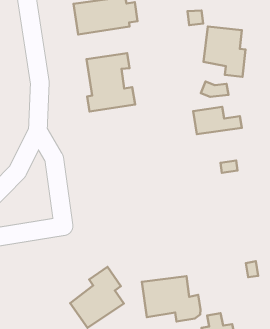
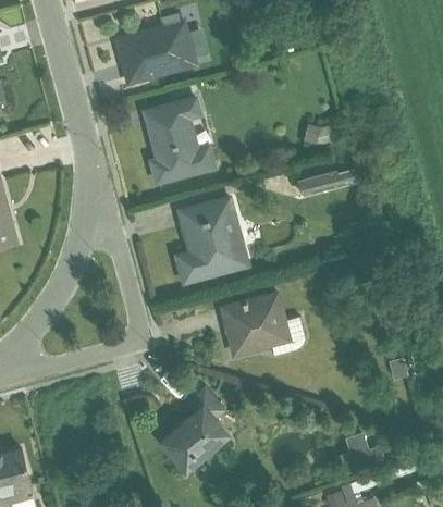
building: [203,26,246,77] -> none
building: none -> [176,198,249,283]
building: [142,276,201,321] -> [221,295,304,357]

